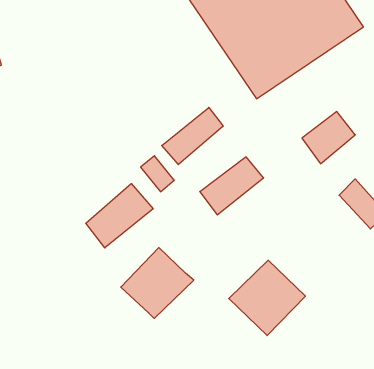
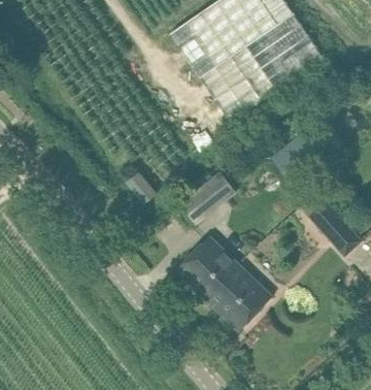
building: [162,107,223,165] -> none
building: [86,184,153,248] -> none
building: [121,248,194,318] -> [174,236,239,299]

